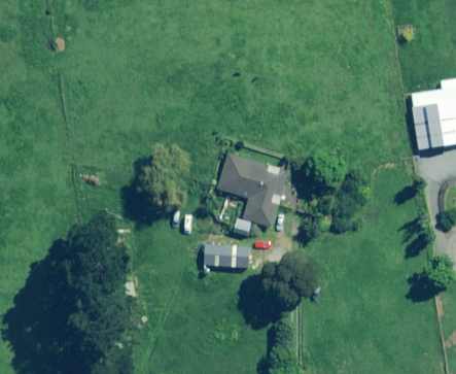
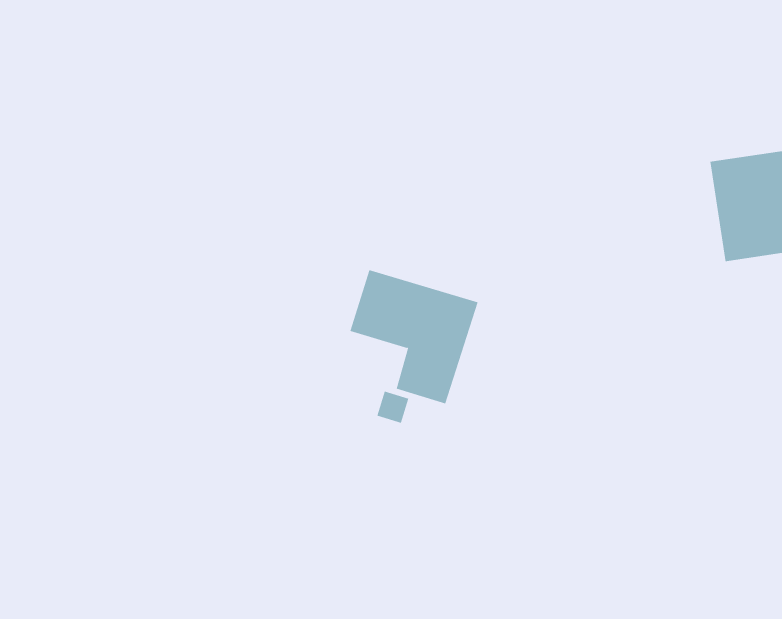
building: [203,244,248,268] -> none

